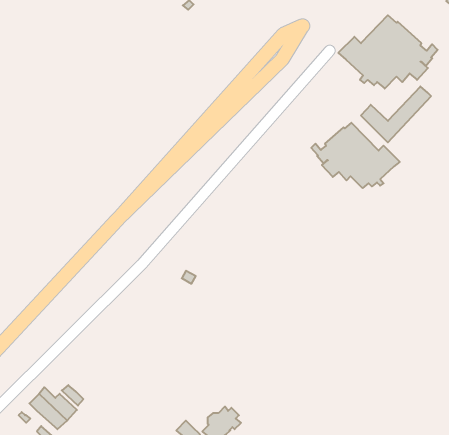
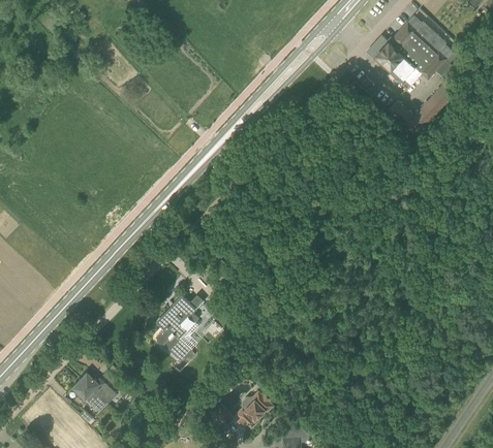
building: [311,123,400,188] -> none
building: none -> [156,294,205,363]

